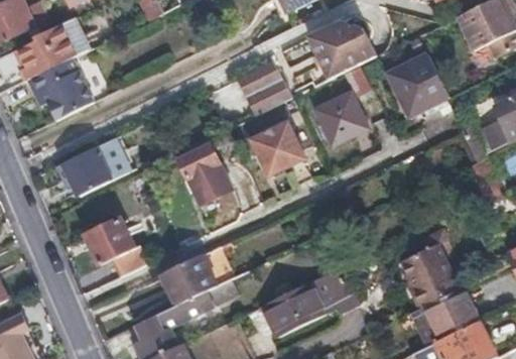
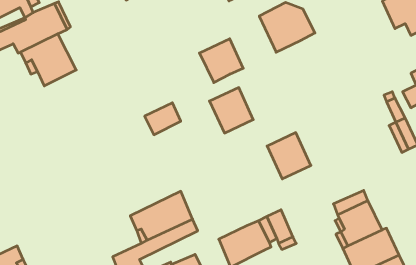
building: [388,54,449,117] -> none
building: [314,90,367,145] -> [267,133,311,179]
building: [60,130,149,195] -> none
building: [185,161,231,205] -> none
building: [86,219,147,276] -> none

